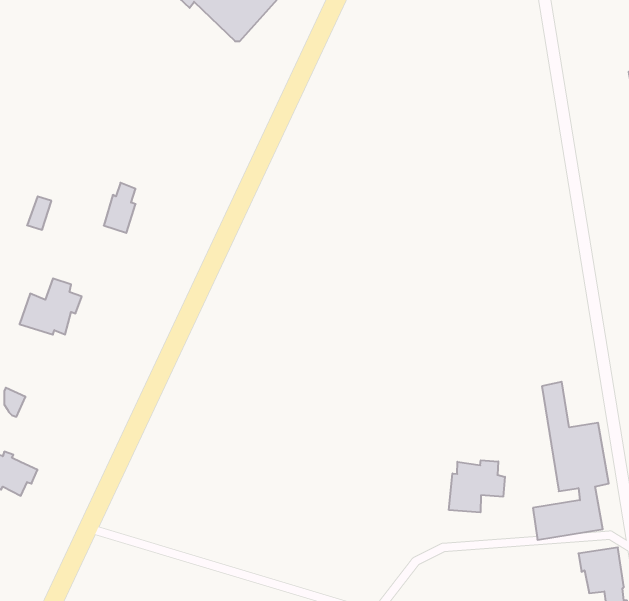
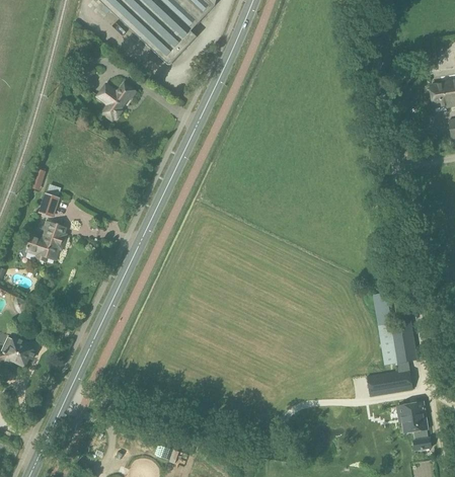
building: none -> [98,83,136,120]
building: [104,183,136,233] -> [39,183,60,217]
building: [449,460,505,512] -> none

